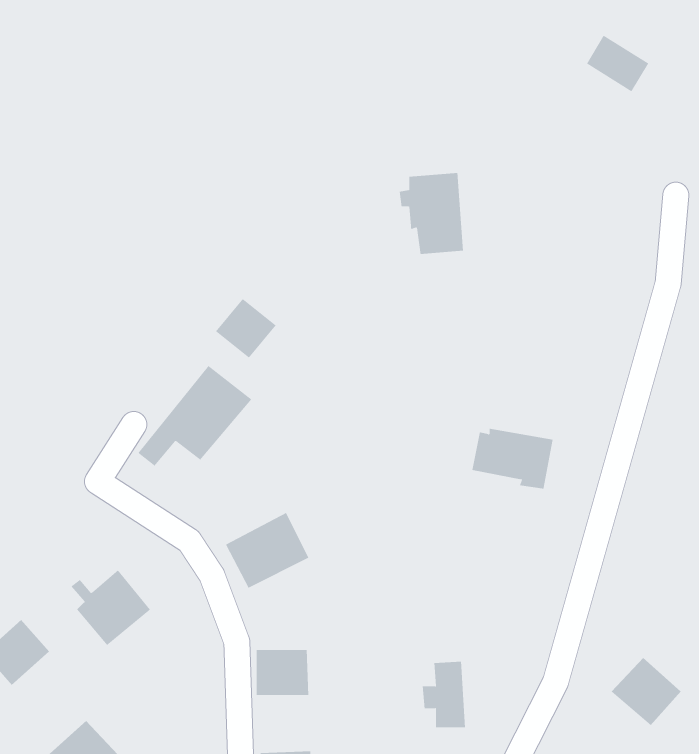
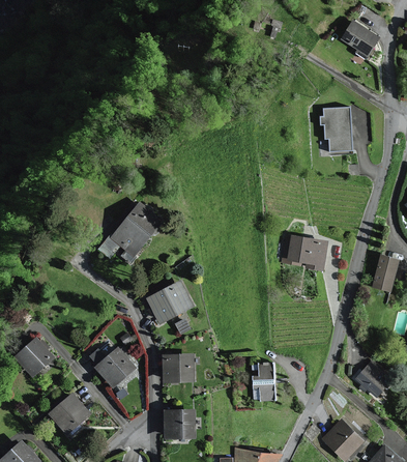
building: [399,173,464,255] -> [319,108,354,152]
building: [215,298,276,359] -> none
building: none -> [373,258,397,291]
building: [71,569,151,646] -> [92,346,136,387]

